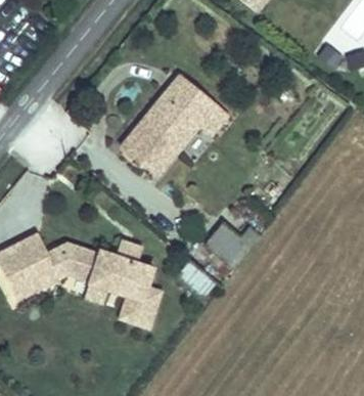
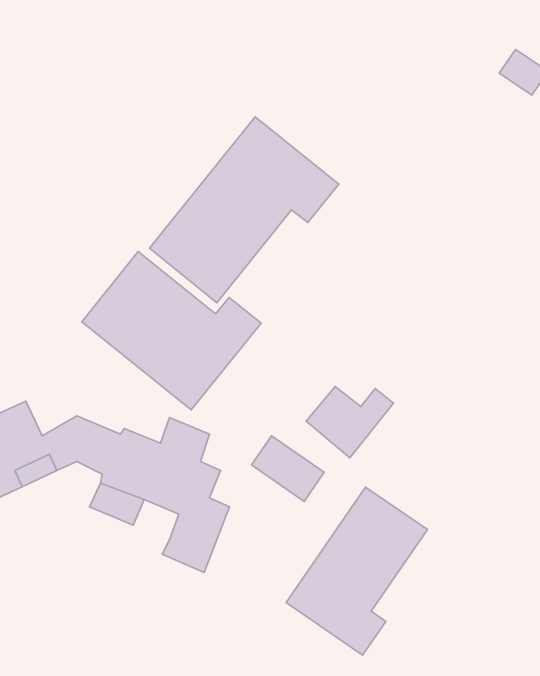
building: none -> [82,251,261,410]
building: none -> [286,487,427,655]

